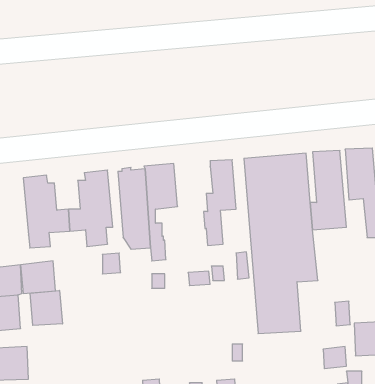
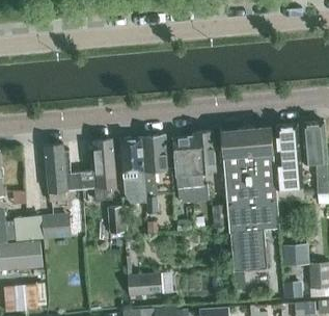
building: none -> [172,137,195,202]
building: [30,290,62,325] -> none
building: none -> [127,274,158,295]

